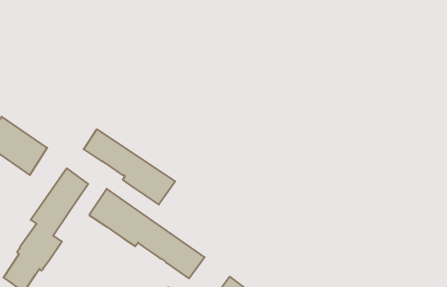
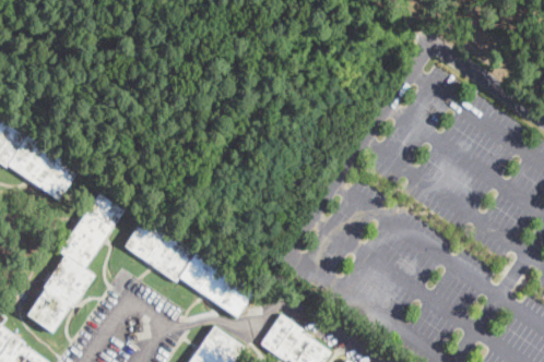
building: [84,129,175,205] -> none

